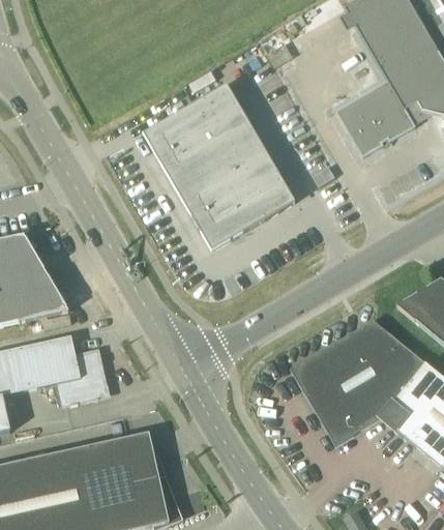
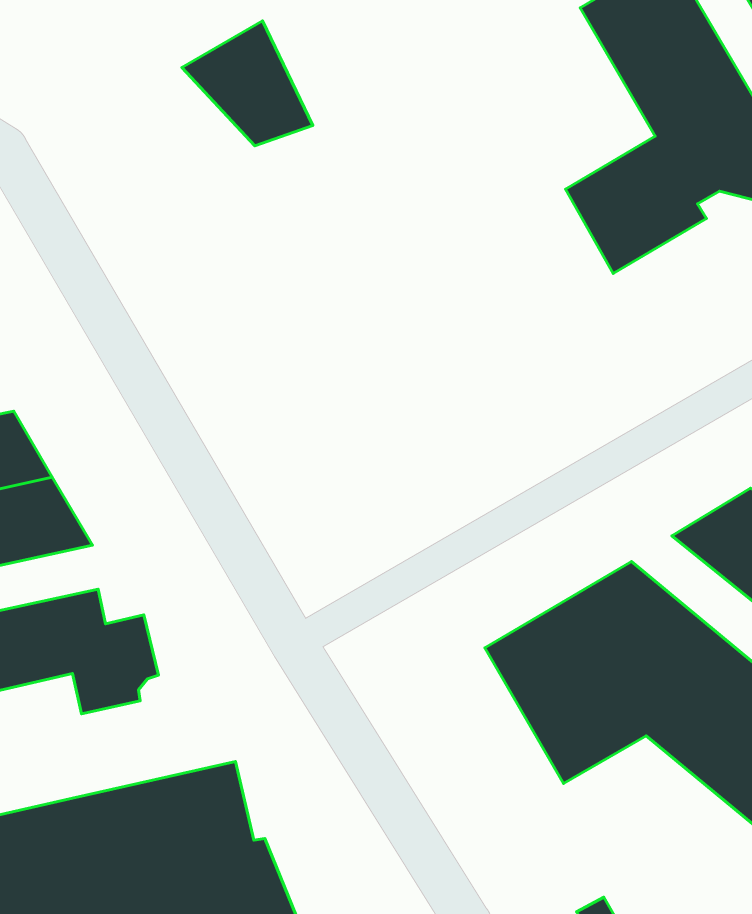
building: none -> [182,21,313,146]
building: [143,83,295,249] -> none

